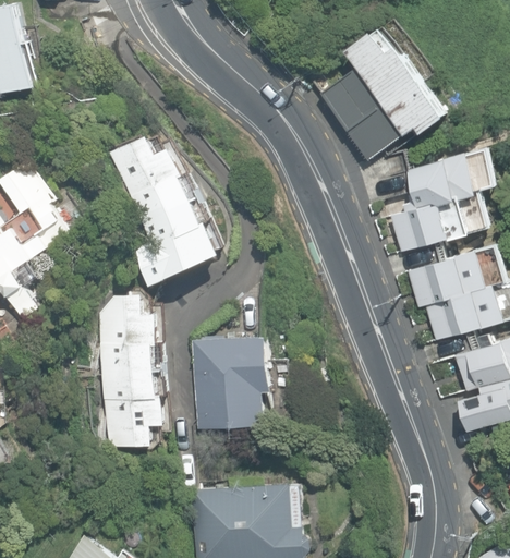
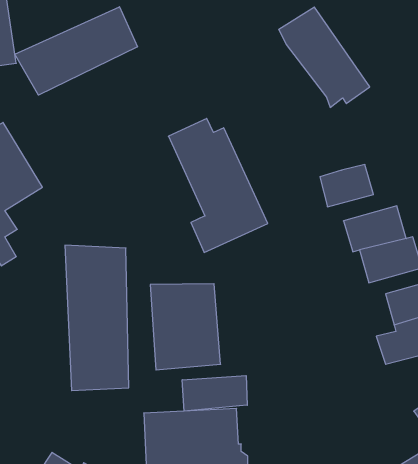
building: none -> [15,7,137,95]
building: [314,63,398,153] -> none
building: [104,126,219,282] -> [168,118,268,252]
building: [405,156,481,209] -> none
building: none -> [182,376,247,411]

